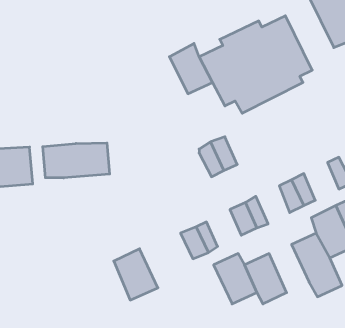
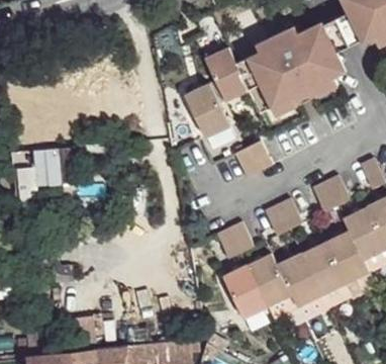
building: none -> [185,85,229,138]
building: [43,143,110,178] -> none
building: none -> [303,246,343,293]
building: [114,249,158,300] -> [223,266,267,316]

